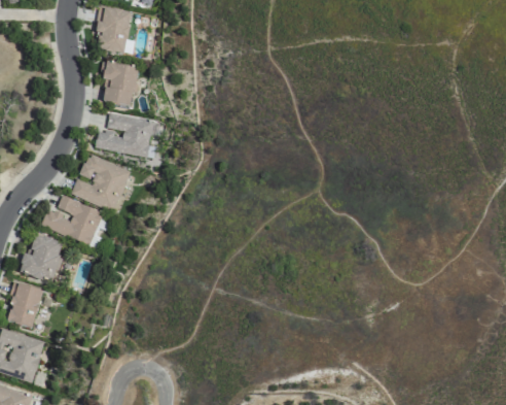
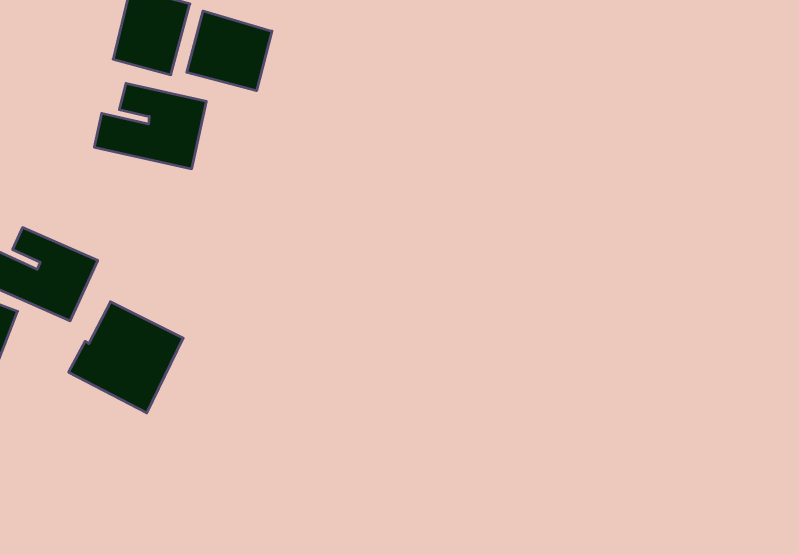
building: none -> [187,11,272,91]
building: [71,154,131,211] -> [69,302,183,413]

